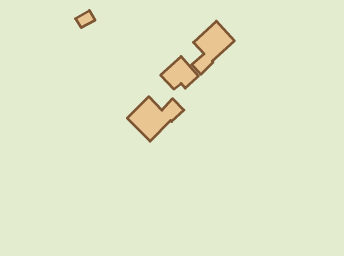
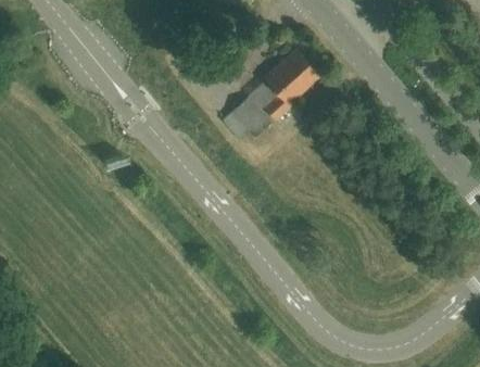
building: [127,97,184,141] -> none

